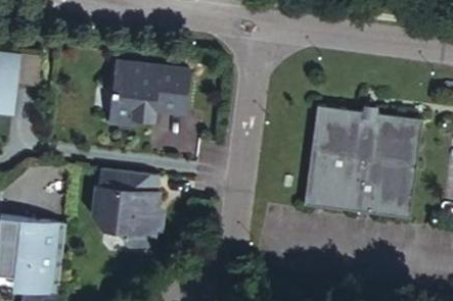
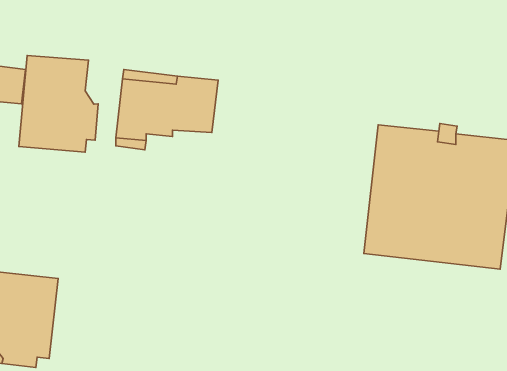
building: none -> [19,56,98,152]
building: [92,169,163,246] -> none

